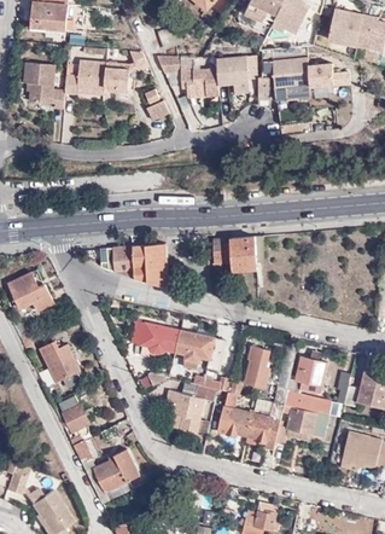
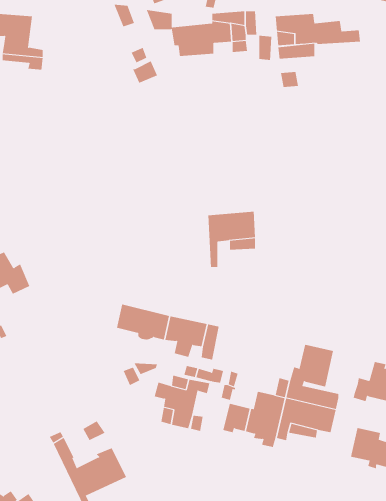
building: [66,60,130,94] -> none
building: [103,244,168,286] -> none
building: [39,343,84,389] -> none
building: [246,346,270,388] -> none
building: [59,397,89,433] -> none

